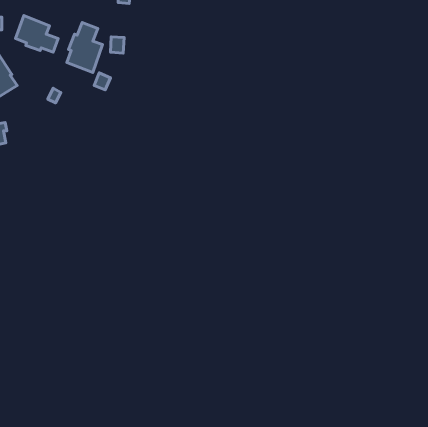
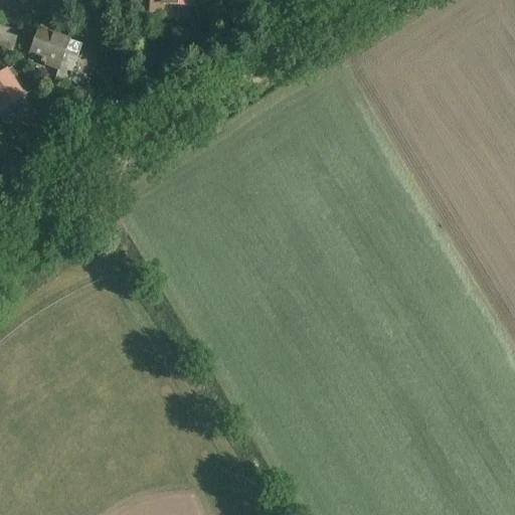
building: [67,23,103,72] -> none

